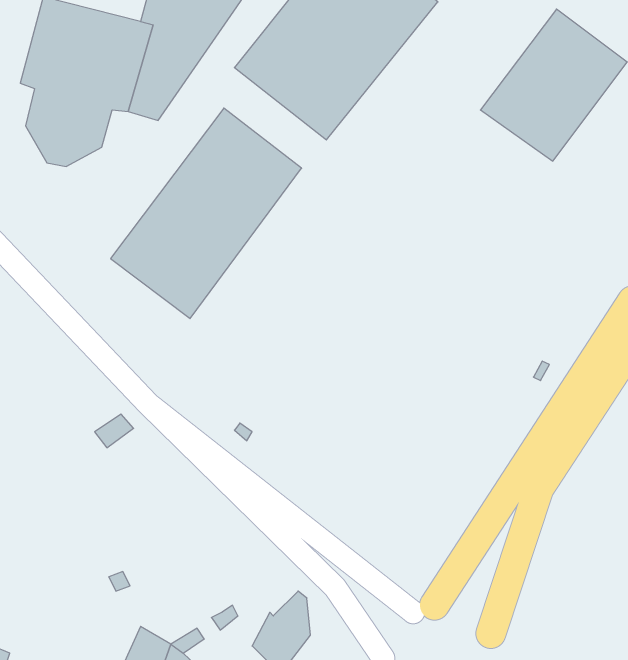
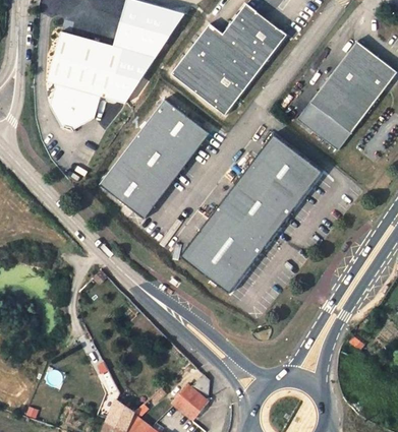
building: none -> [296,98,353,148]
building: none -> [180,132,322,293]

